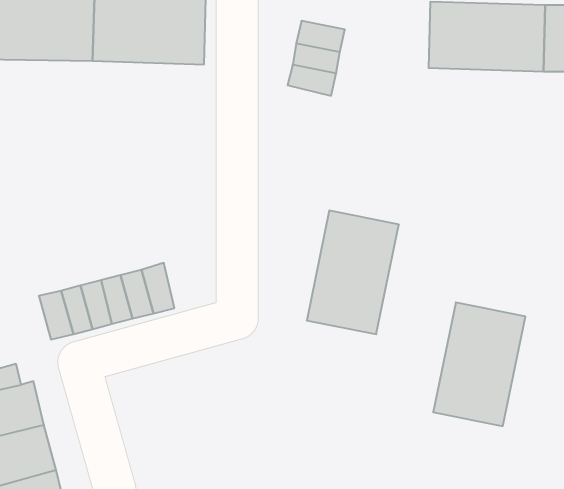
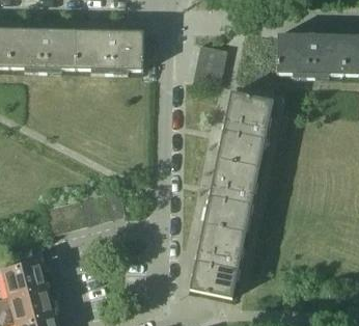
building: none -> [217,91,273,166]
building: [433,302,525,426] -> [190,223,245,297]

